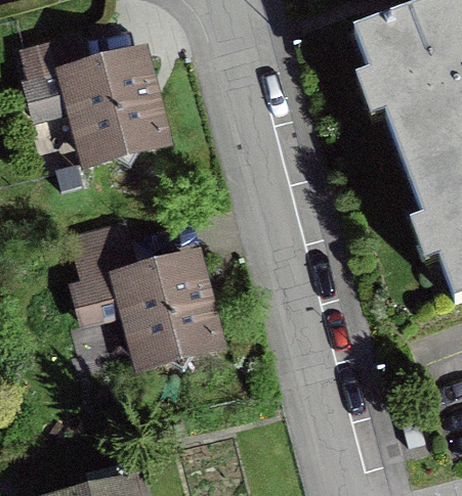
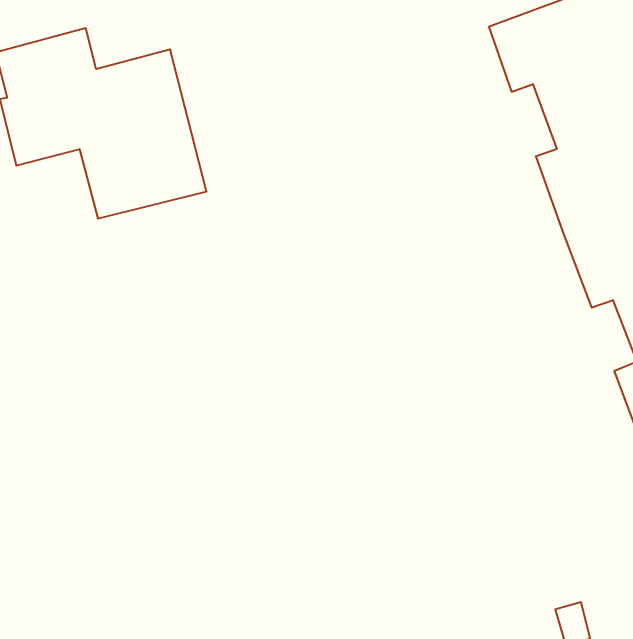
building: [78,240,221,366] -> none

